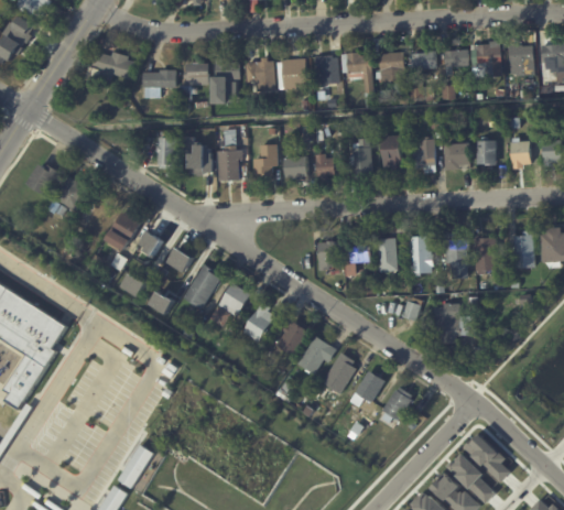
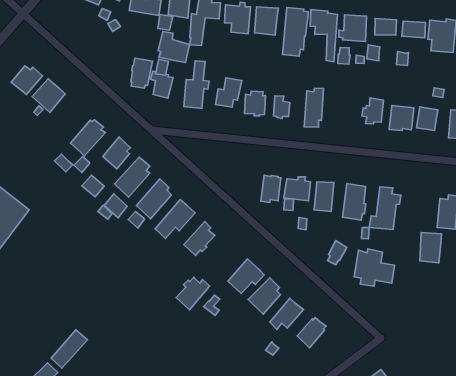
building: none -> [158,31,190,63]
building: [380,135,400,171] -> none
building: [473,238,497,271] -> [420,233,441,263]
building: [275,321,310,357] -> [176,277,210,310]

